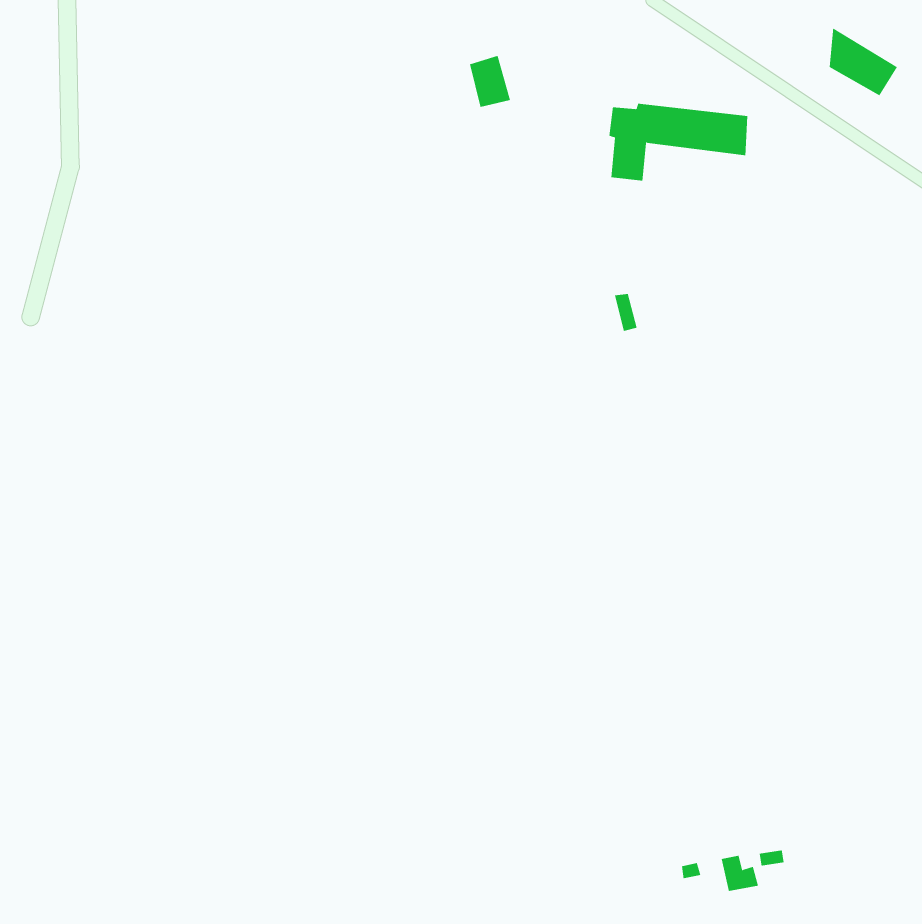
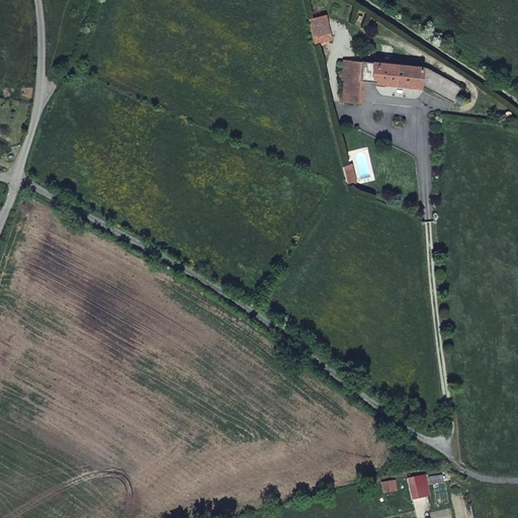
building: [829,27,898,96] -> [424,66,462,104]
building: [469,55,511,108] -> [310,14,333,44]

